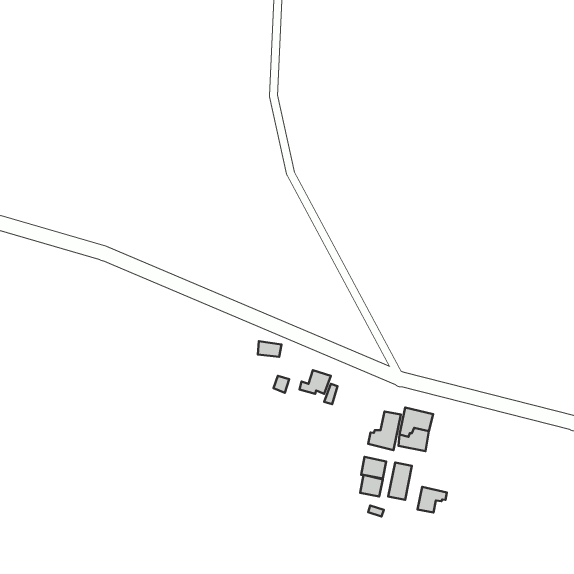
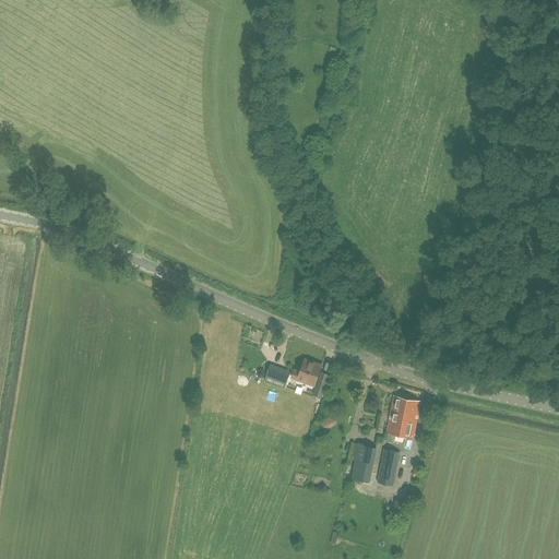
building: [368,412,401,450] -> none
building: [418,487,447,512] -> none

